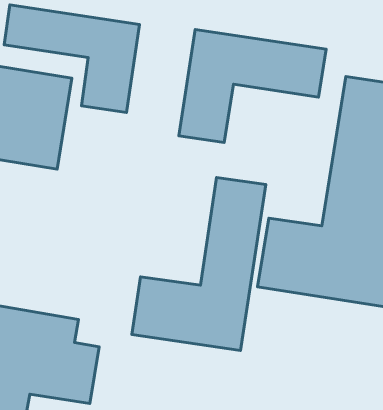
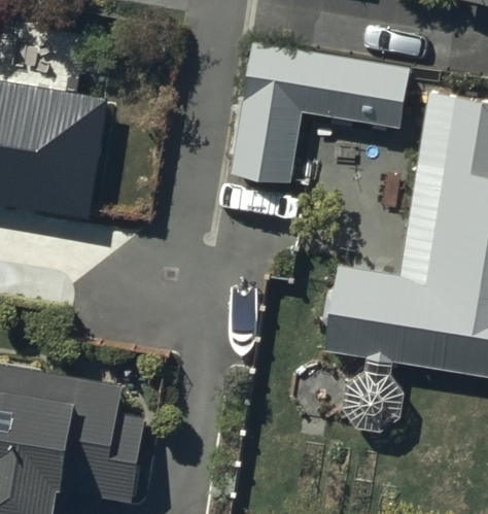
building: [4,5,139,113] -> none
building: [132,178,266,350] -> none

